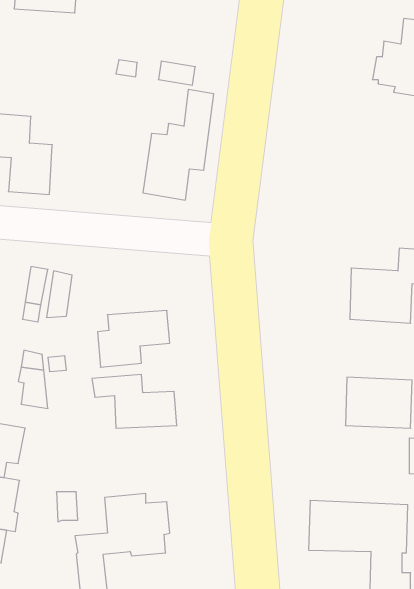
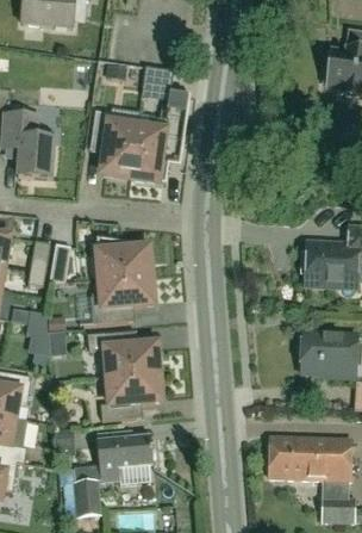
building: none -> [90,111,137,176]
building: none -> [96,237,150,279]
building: none -> [100,372,161,419]

